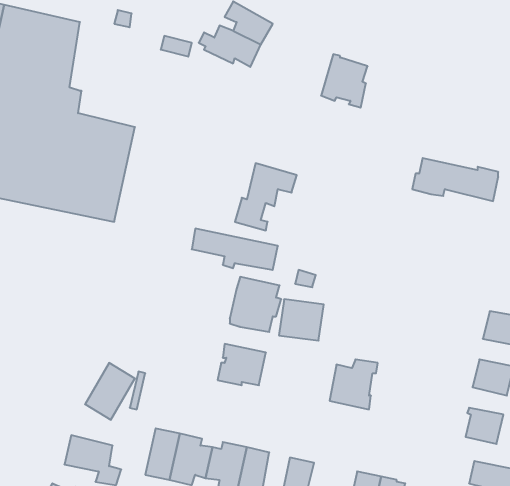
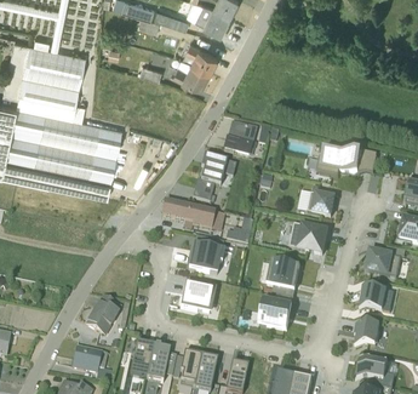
building: [321,54,368,108] -> [224,119,257,156]
building: none -> [308,184,336,215]
building: none -> [290,222,328,252]
building: [279,299,324,341] -> [269,259,300,289]

